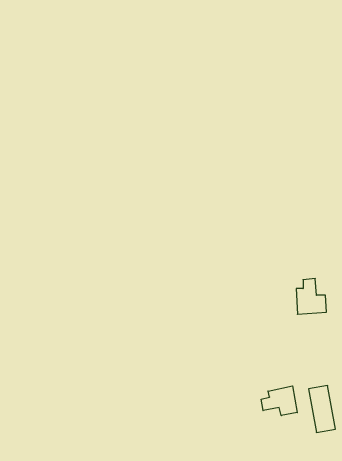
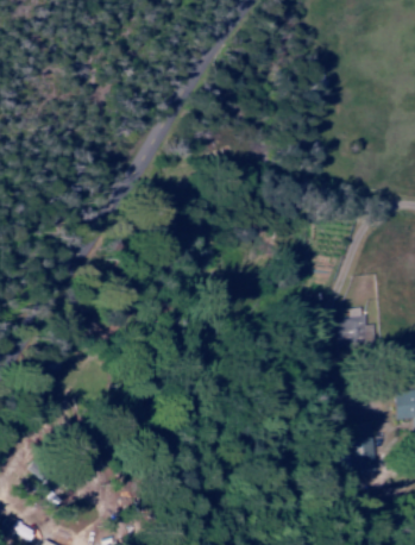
building: [261,386,297,416] -> none

